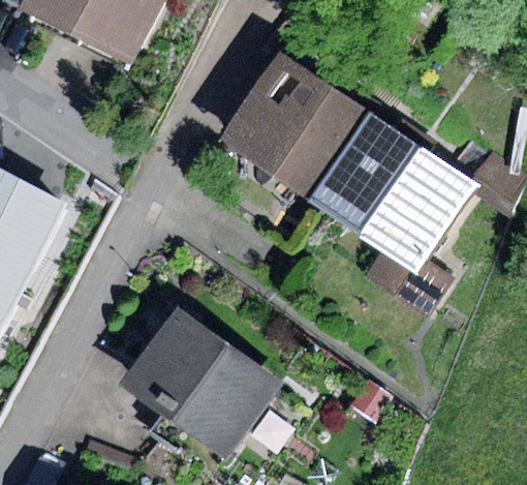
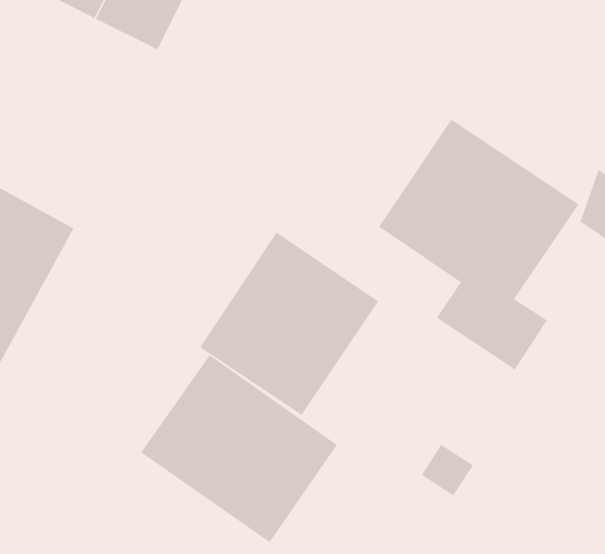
building: [221,52,373,203] -> none
building: none -> [199,232,379,416]

